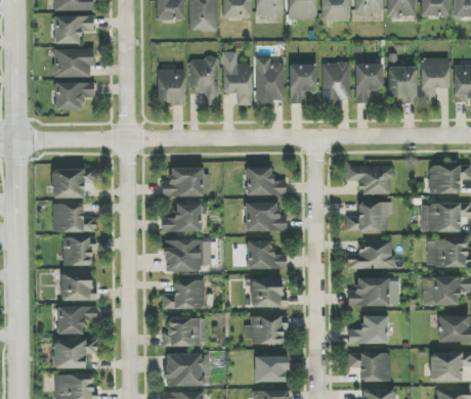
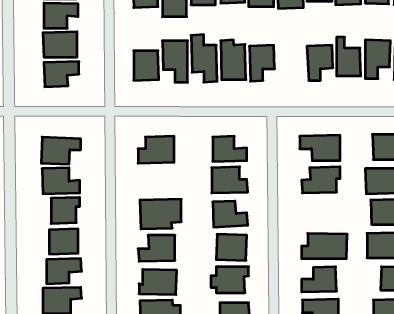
building: [322,62,350,101] -> none
building: [162,203,202,232] -> none
building: [347,239,393,269] -> none

